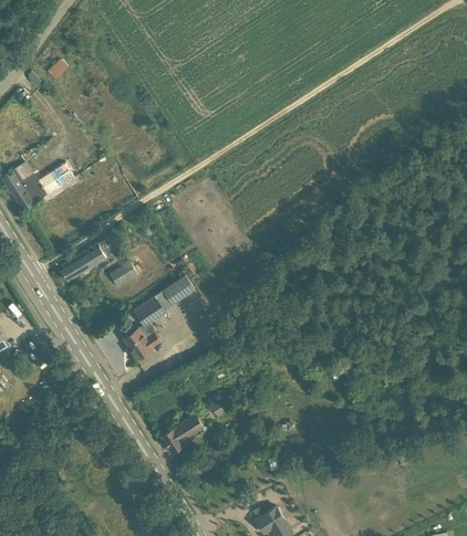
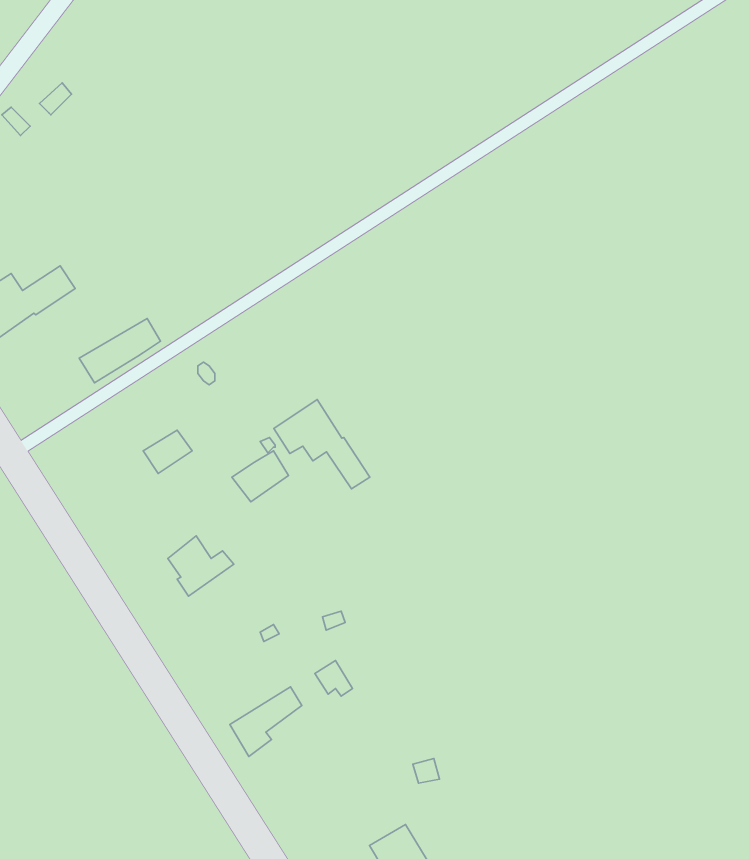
building: [59,244,106,282] -> [79,319,160,383]
building: none -> [274,400,370,489]
building: [133,296,166,327] -> none

